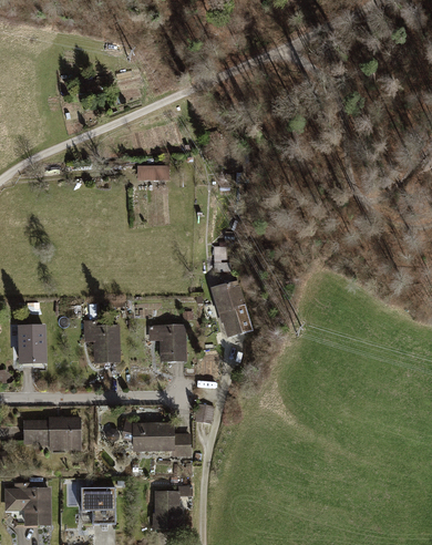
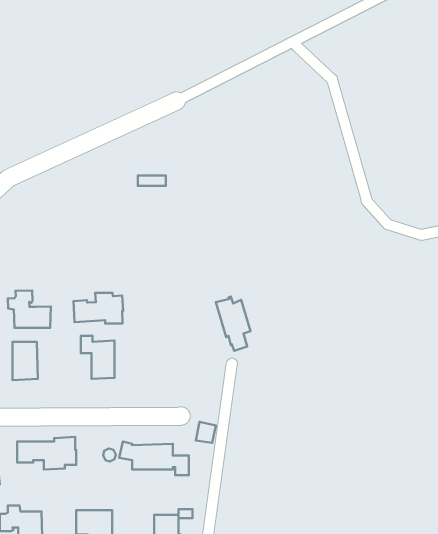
building: none -> [8,290,51,328]
building: none -> [74,293,123,324]
building: [150,326,184,361] -> none

